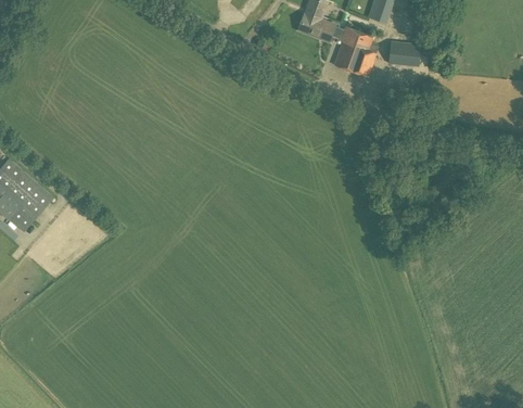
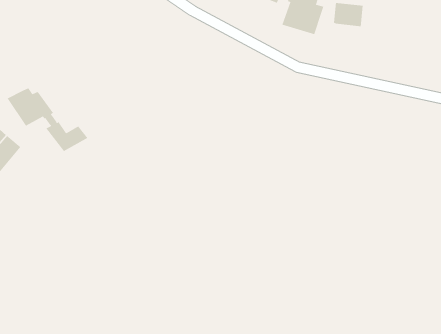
building: none -> [7,87,88,152]

